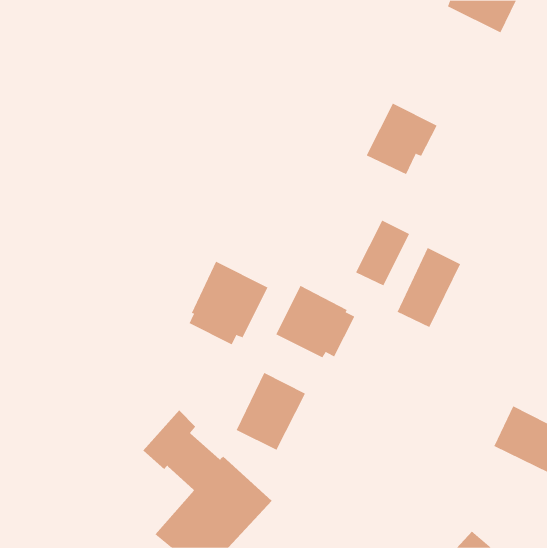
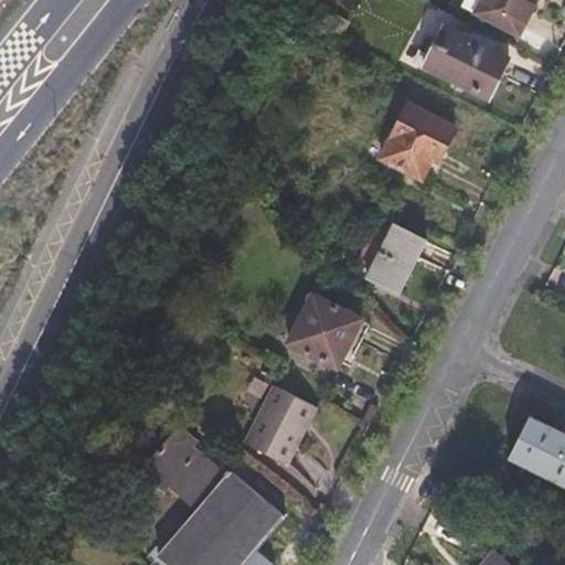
building: none -> [423,25,507,97]
building: [397,247,461,328] -> none
building: [189,261,268,345] -> none

